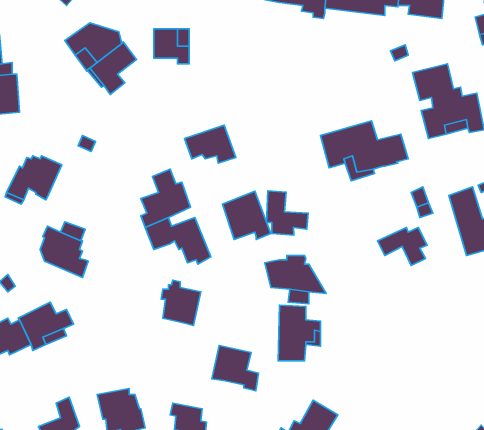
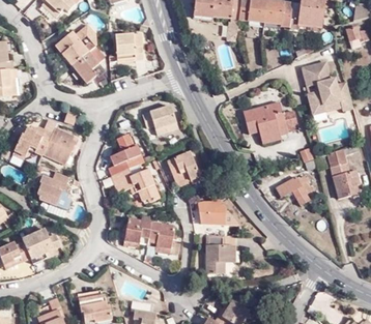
building: none -> [42,125,79,165]
building: [267,191,308,235] -> none
building: [212,345,259,391] -> [146,222,179,254]

